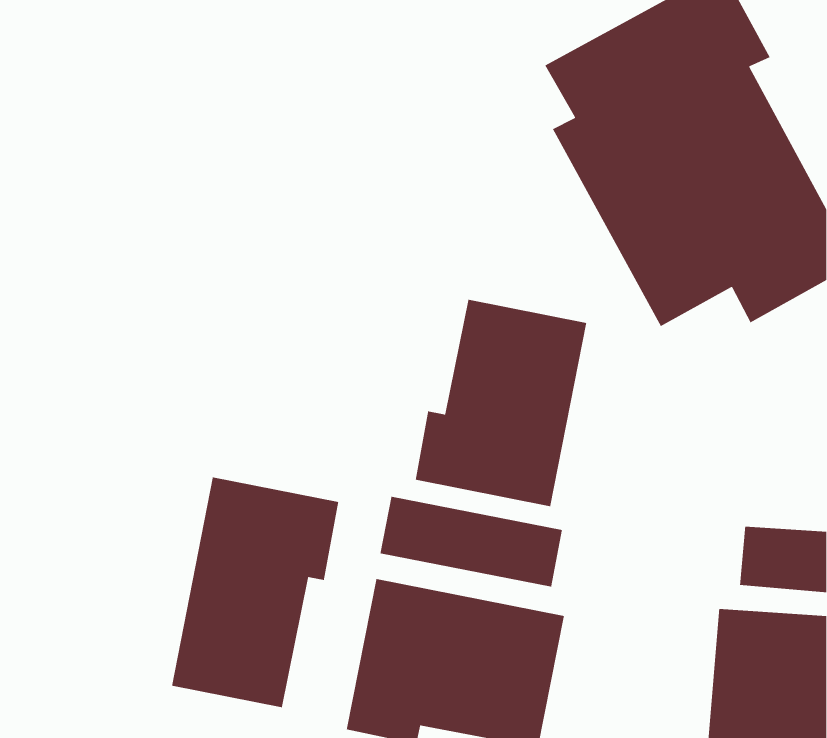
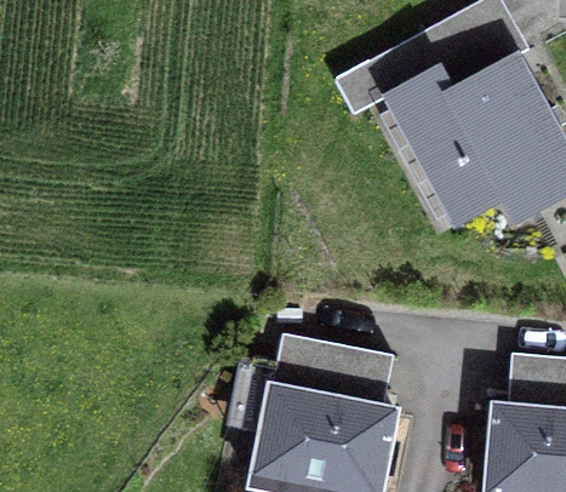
building: [415,299,587,507] -> none
building: [171,477,339,708] -> none

